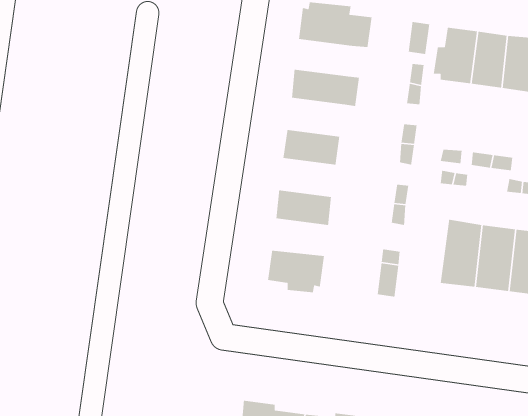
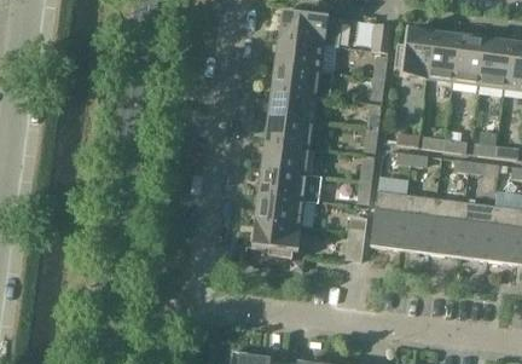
building: none -> [274,39,324,70]
building: none -> [268,89,318,122]
building: none -> [261,141,311,174]
building: none -> [371,190,407,249]
building: none -> [255,193,304,225]

